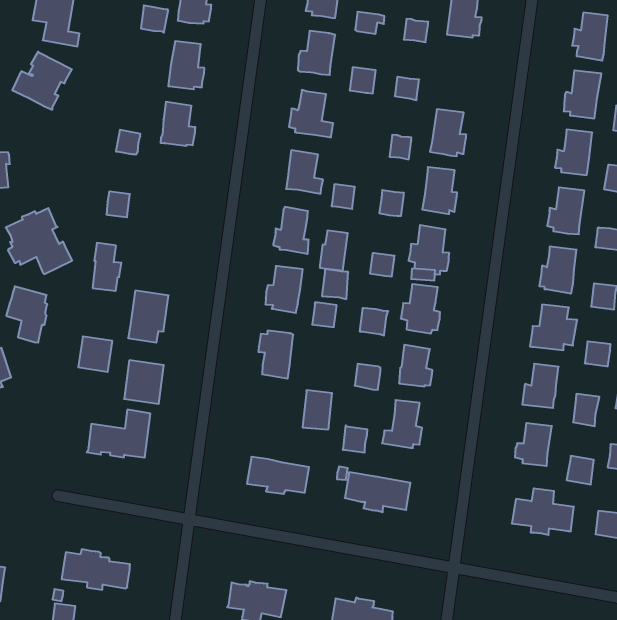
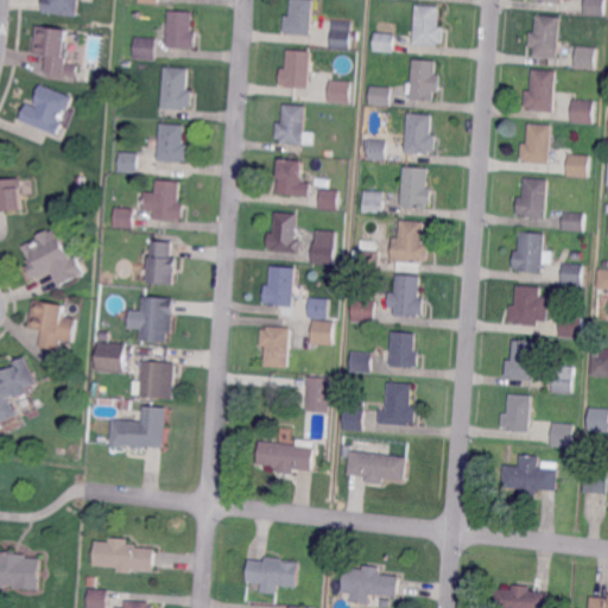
building: none -> [403,58,438,100]
building: none -> [140,179,183,221]
building: [93,243,121,291] -> [150,241,175,284]
building: [322,269,348,299] -> [309,319,331,346]

